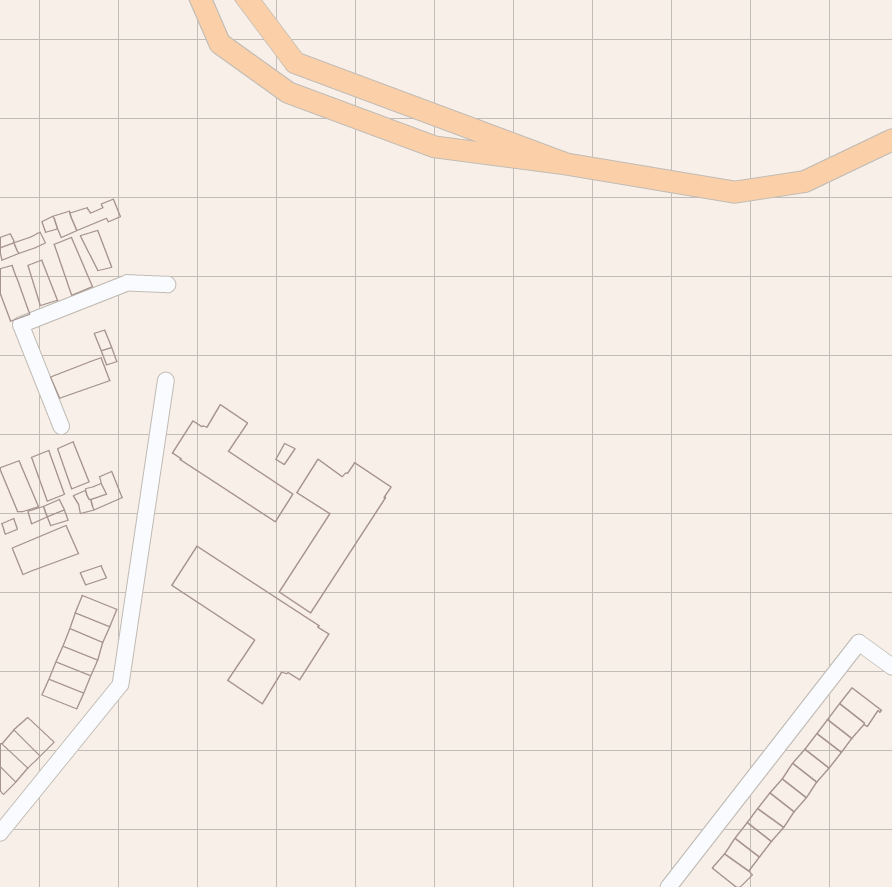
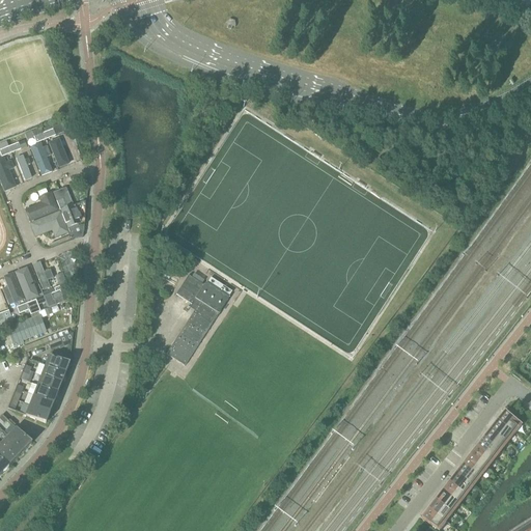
building: none -> [23,193,55,215]
building: [172,405,293,522] -> none
building: [172,546,329,704] -> none

